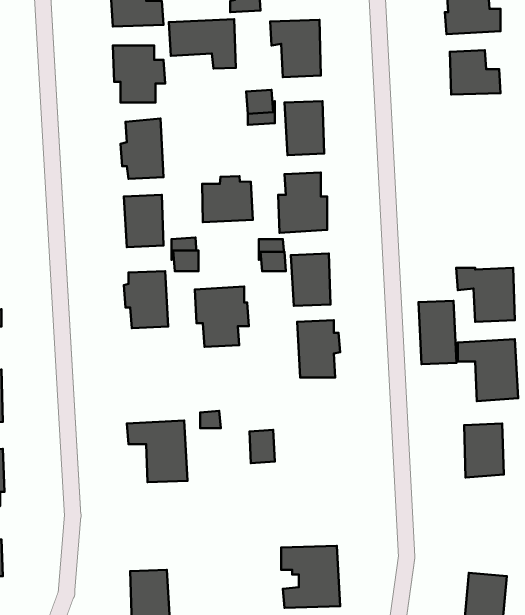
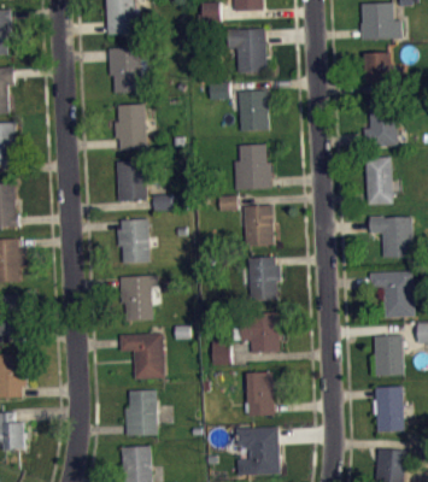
building: [169,19,236,68] -> none
building: none -> [363,99,405,146]
building: [202,176,253,222] -> none
building: [195,286,249,347] -> [118,275,159,321]
building: [418,301,457,364] -> [364,157,393,205]
building: none -> [231,312,280,353]
building: none -> [245,372,274,416]
building: none -> [373,387,404,433]
building: none -> [124,390,156,435]

